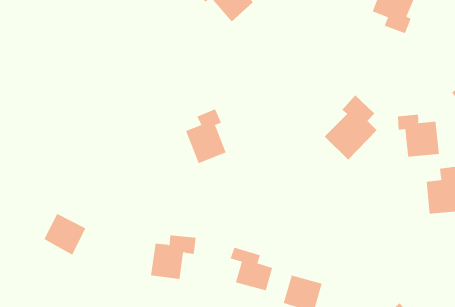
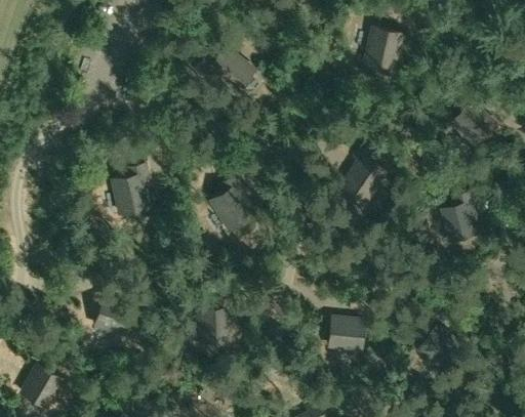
building: none -> [112,167,148,216]
building: [397,114,440,157] -> none
building: [230,247,273,291] -> none

